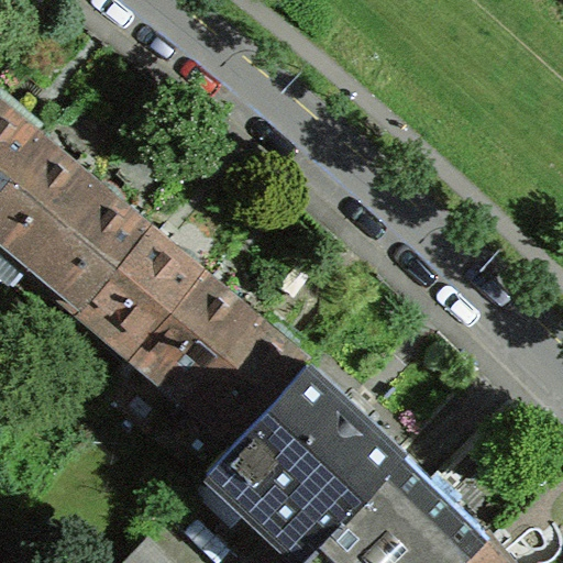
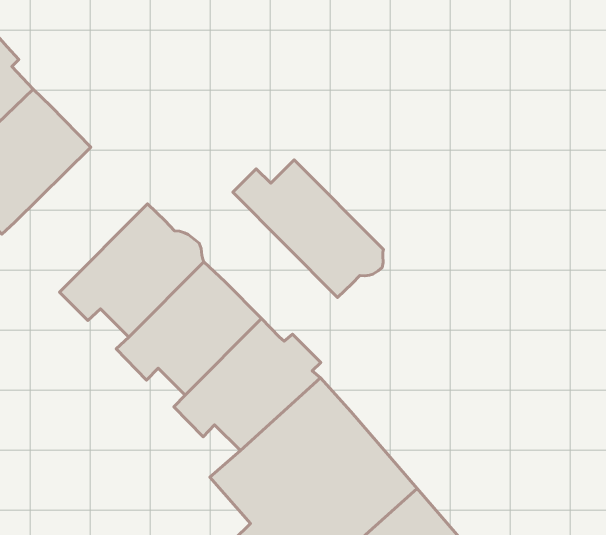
building: none -> [233,160,383,297]
building: [32,187,144,313] -> none

